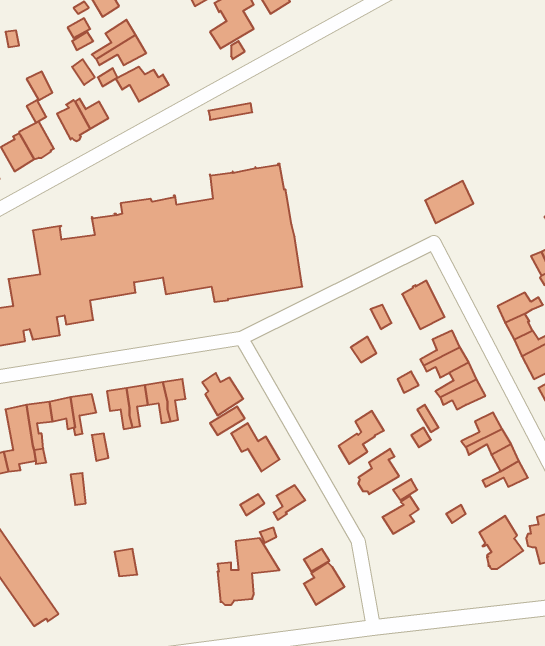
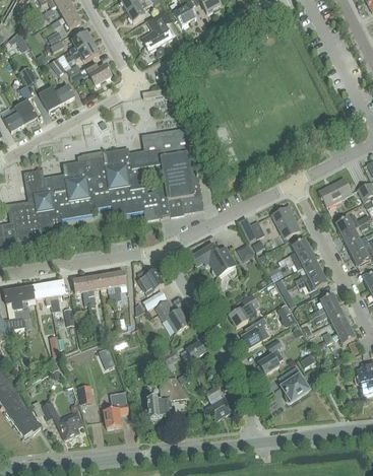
building: [425,181,473,223] -> [319,177,352,205]
building: none -> [192,243,236,275]
building: [479,516,523,569] -> [279,365,309,401]
building: none -> [104,391,129,427]
building: none -> [40,398,84,438]

